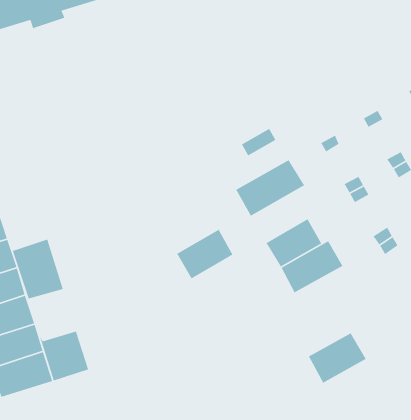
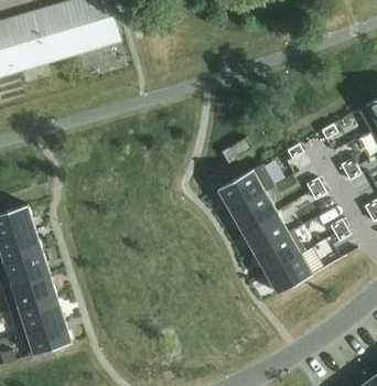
building: [176,222,234,280] -> [231,185,278,232]
building: [12,239,64,300] -> none
building: [308,329,367,384] -> [267,250,314,294]
building: [39,330,89,381] -> none

